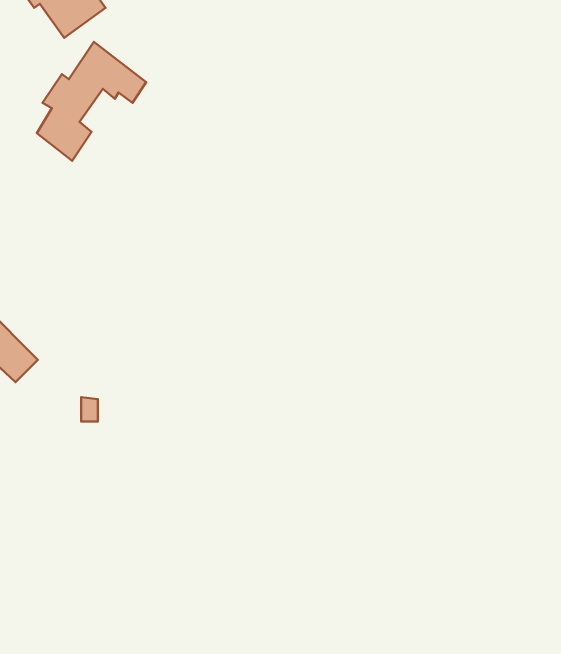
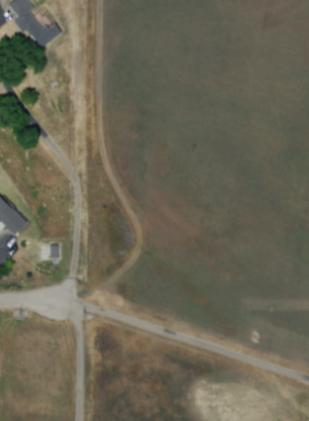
building: [37,42,146,161] -> none

